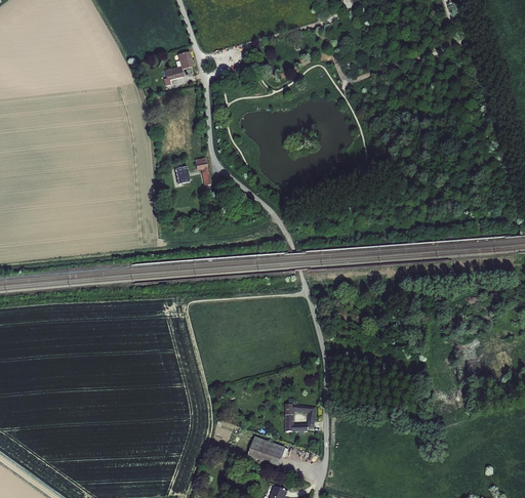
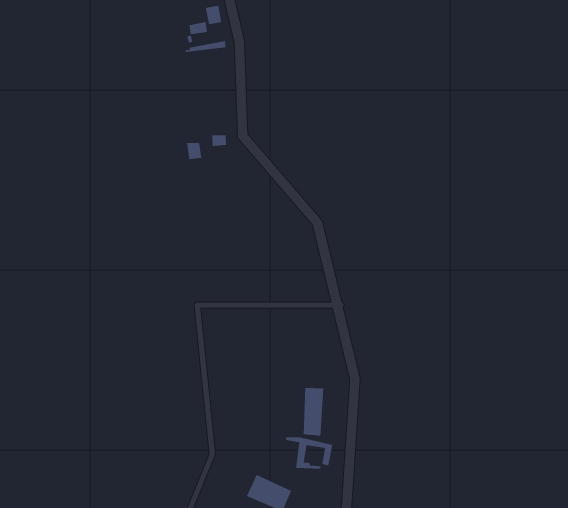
building: none -> [303,387,324,436]

